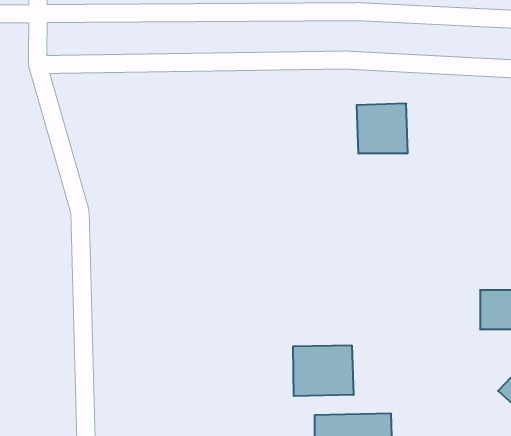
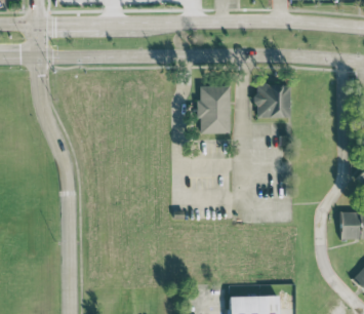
building: none -> [200,84,232,132]
building: [293,345,354,396] -> none

